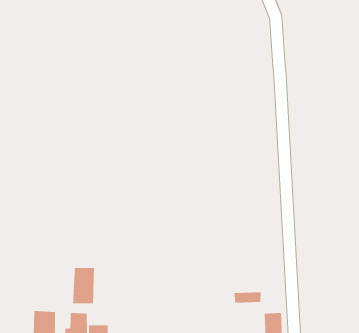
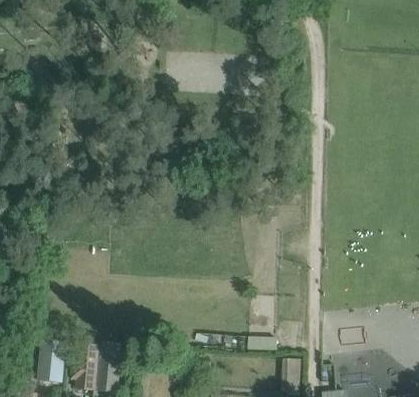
building: [73,267,94,304] -> none

